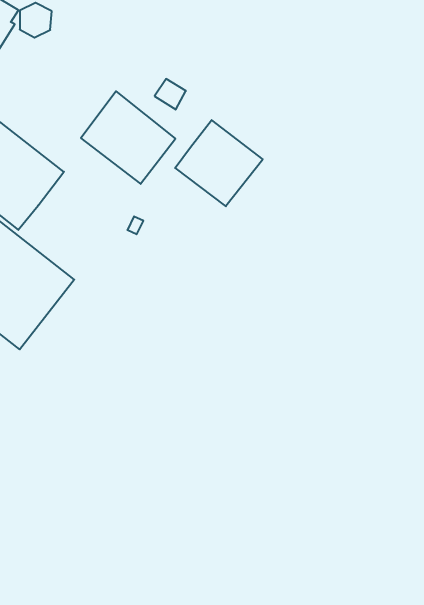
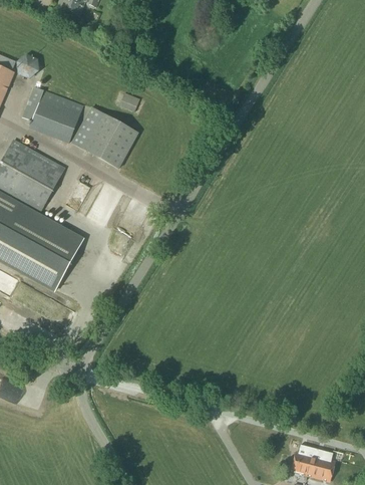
building: none -> [22,85,83,142]
building: [175,120,263,206] -> none

